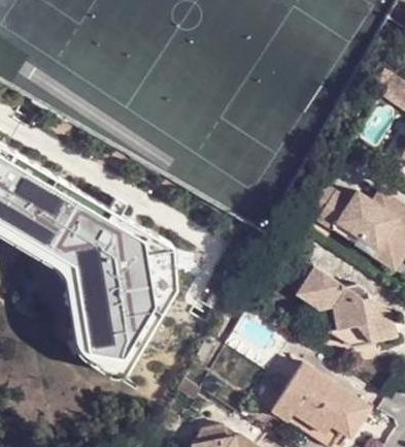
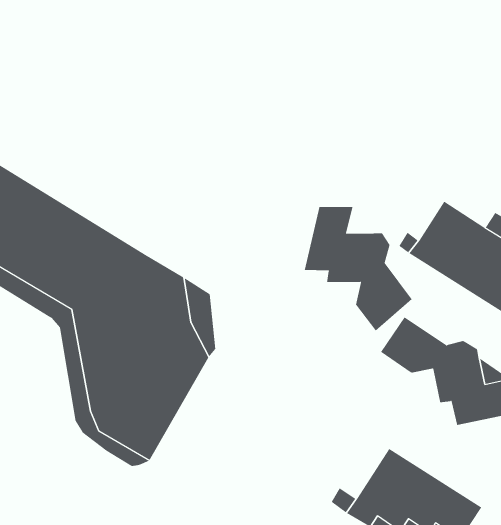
building: none -> [304,206,412,332]

